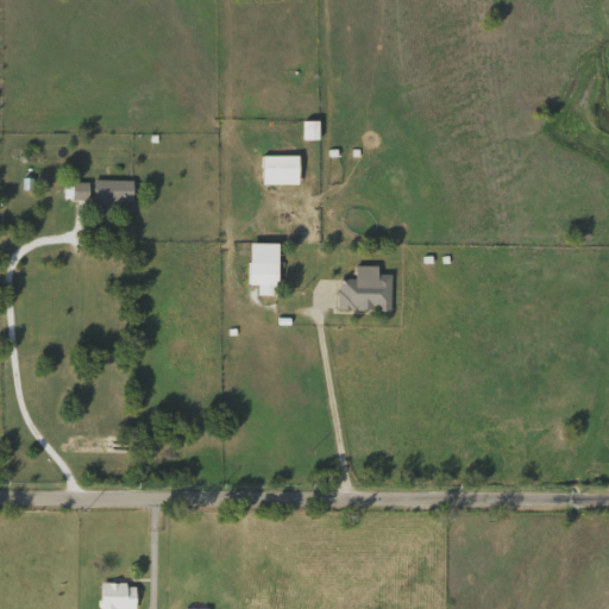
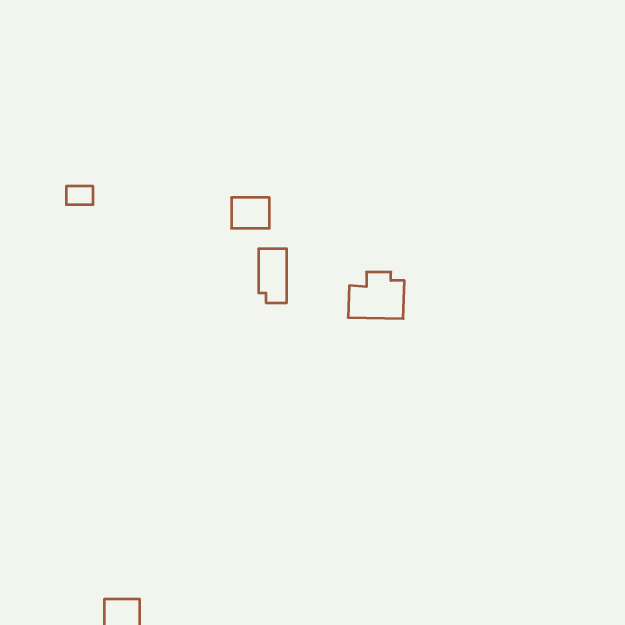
building: [263,155,300,184] -> [231,198,269,228]
building: [96,181,136,215] -> none

